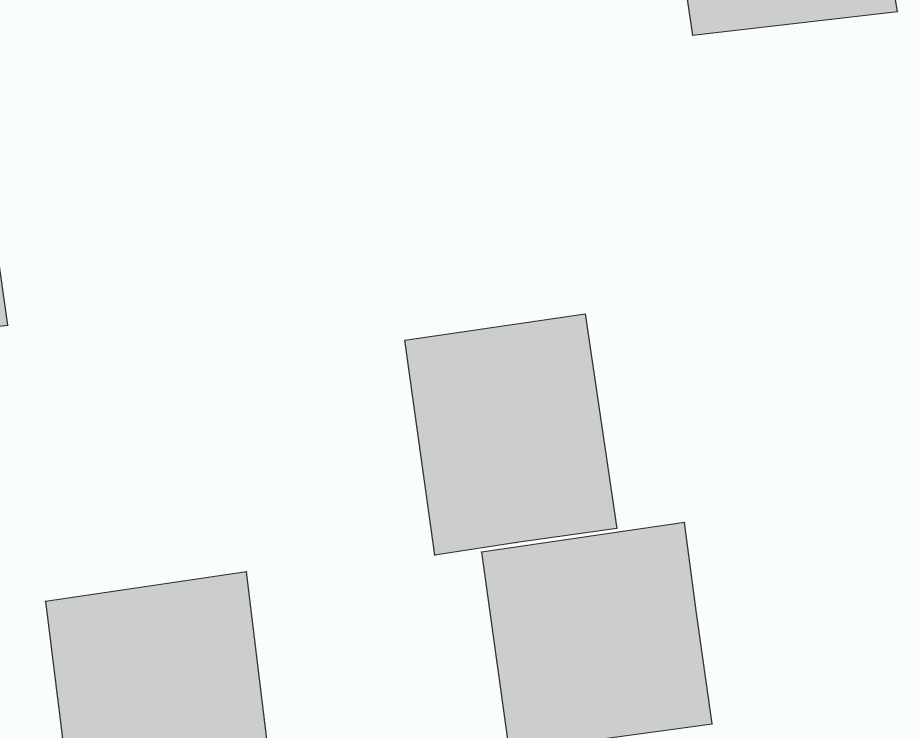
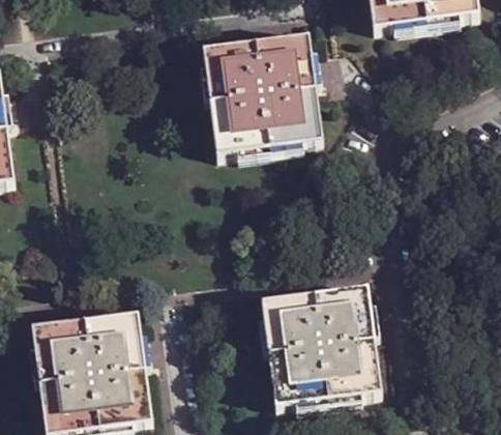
building: none -> [201,34,322,154]
building: [405,314,617,555] -> none

